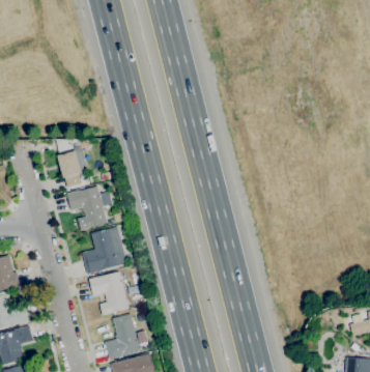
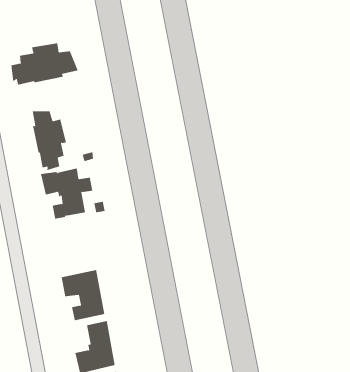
building: none -> [11,43,78,86]
building: [82,229,126,274] -> none

